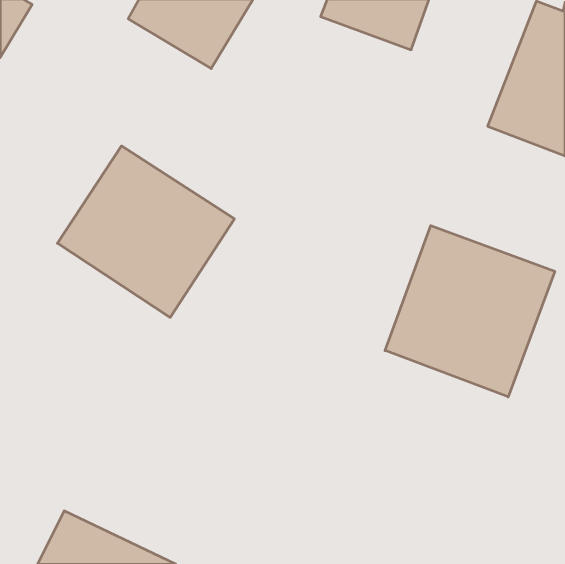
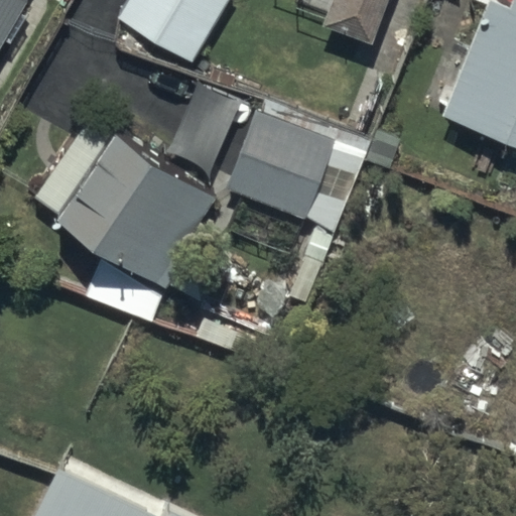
building: none -> [222,111,365,229]
building: [385,226,555,397] -> none

